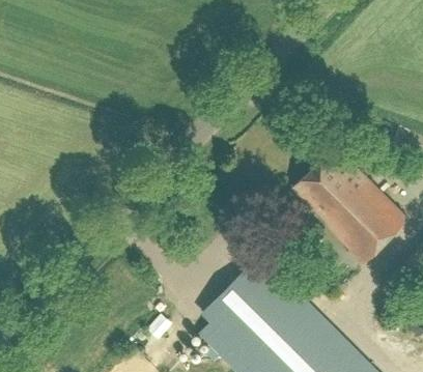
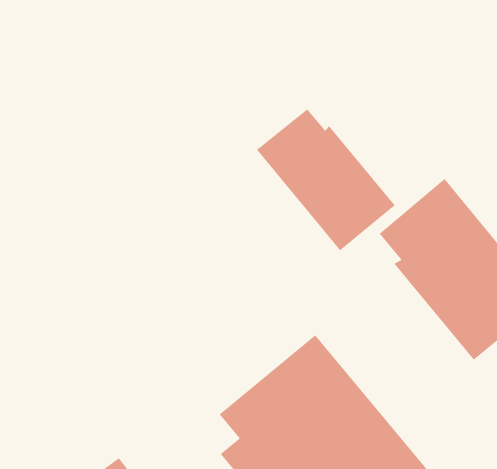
building: none -> [256,108,395,251]

